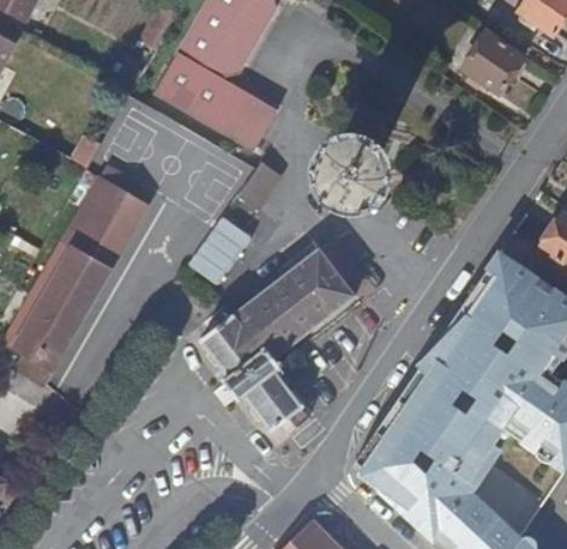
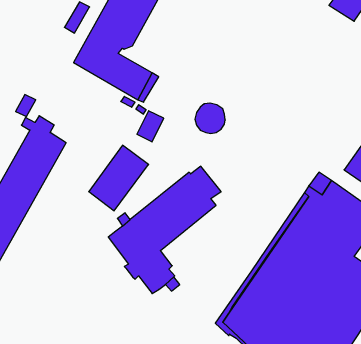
building: [460,34,527,95] -> none

